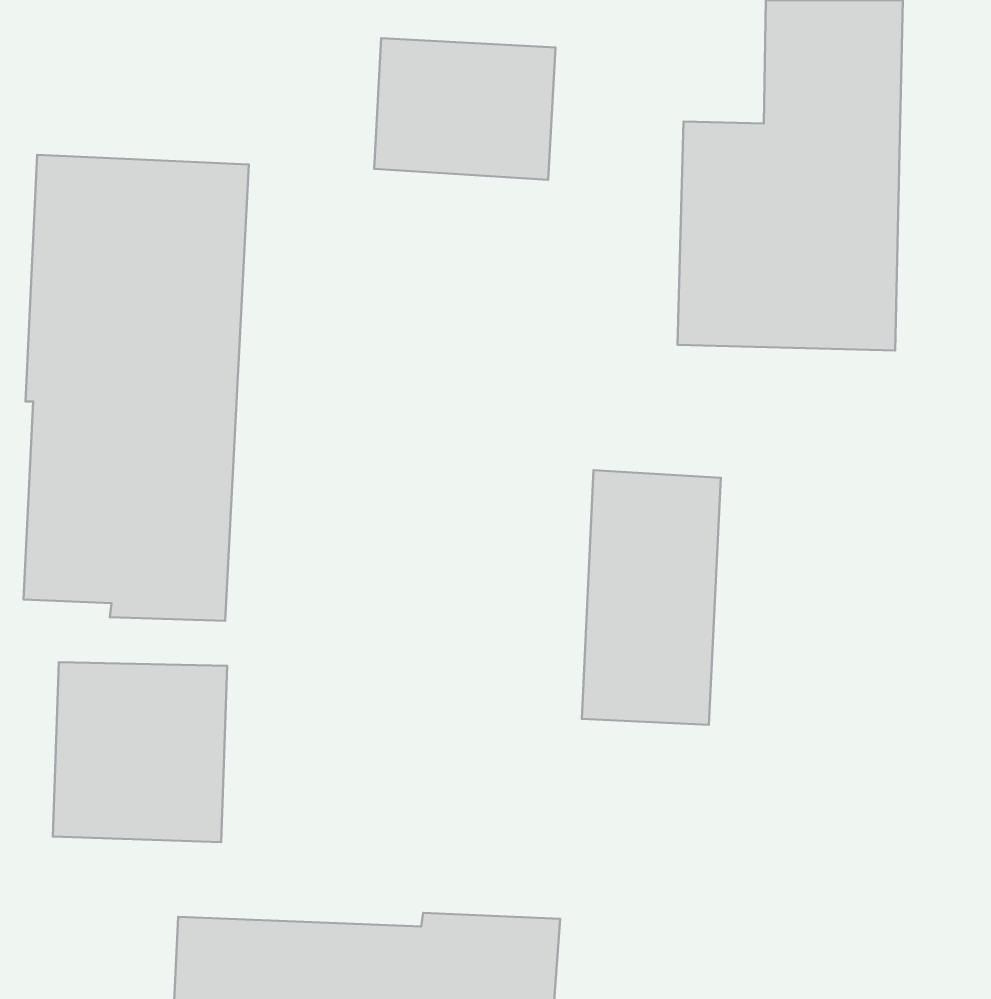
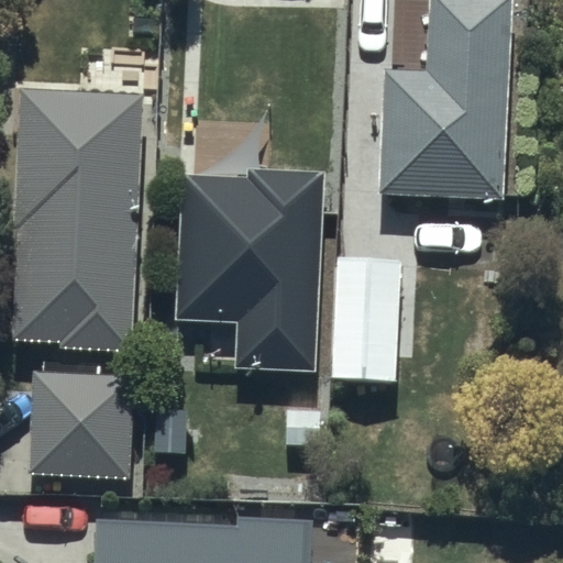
building: [374,38,556,180] -> none
building: none -> [177,169,327,373]

